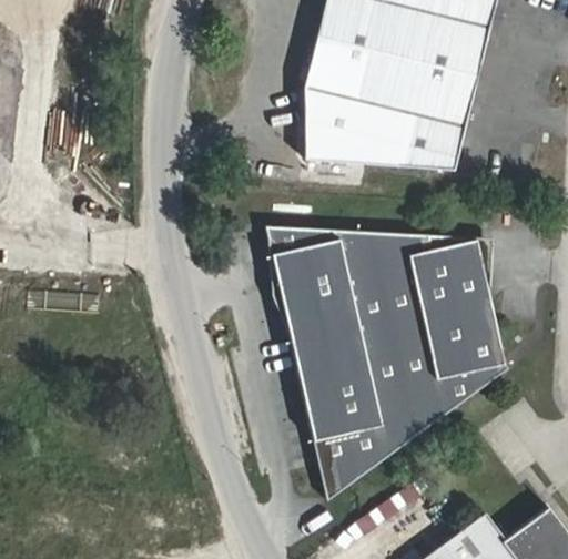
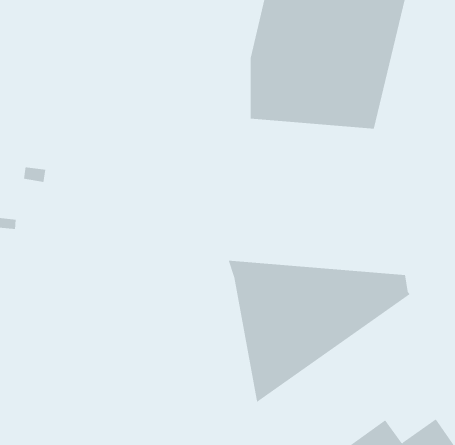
building: [270,218,499,342] -> none

